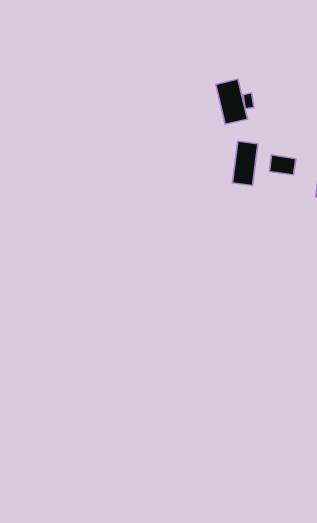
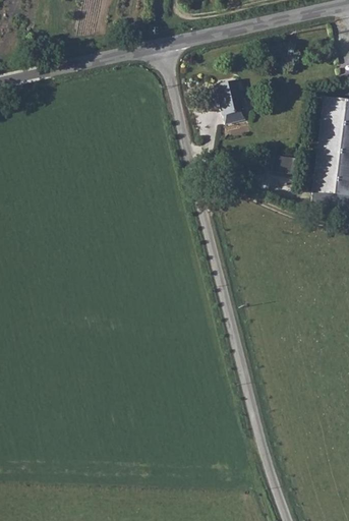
building: [232,141,258,186] -> none

